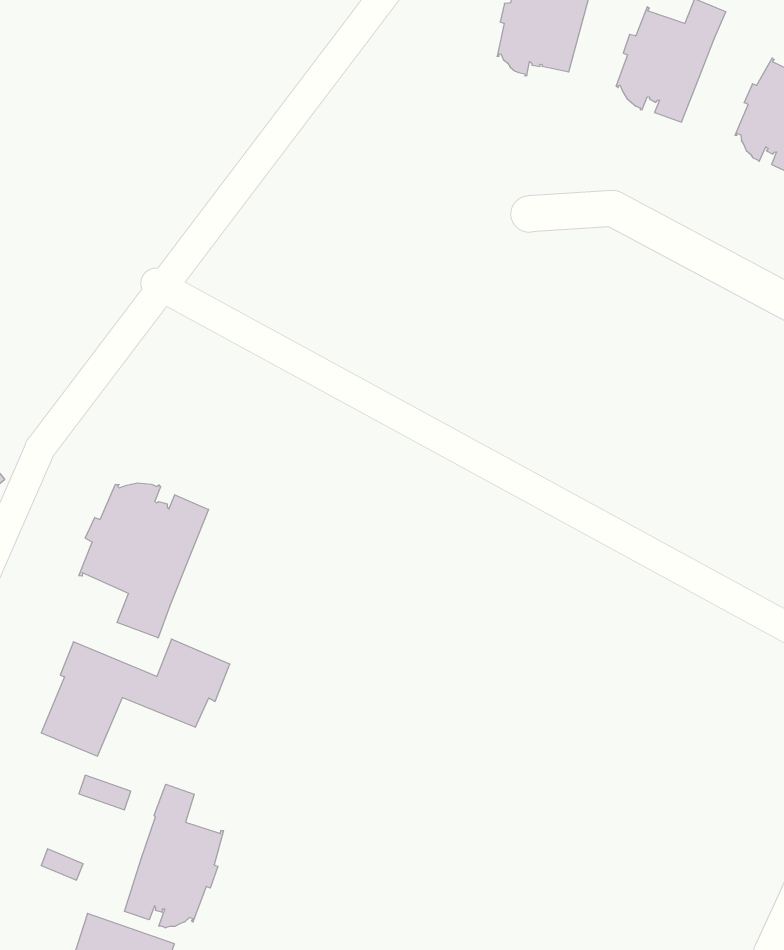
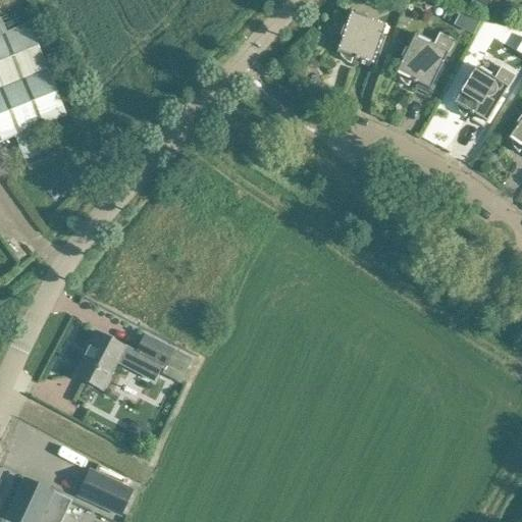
building: [79,483,209,638] -> none
building: [125,784,223,928] -> none

